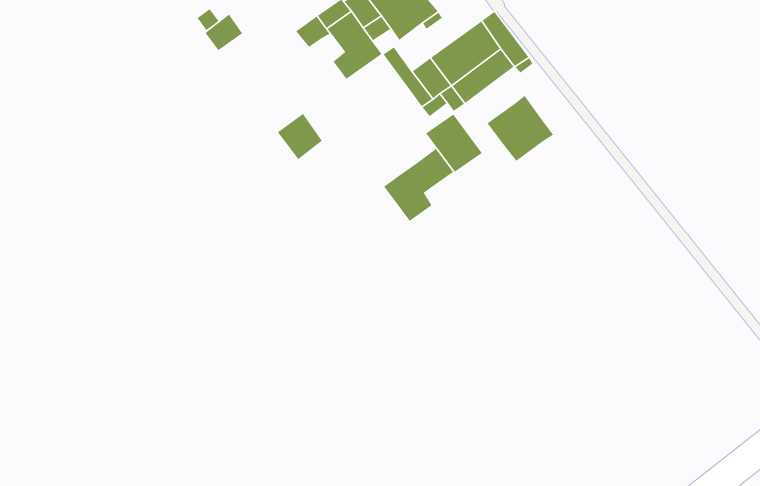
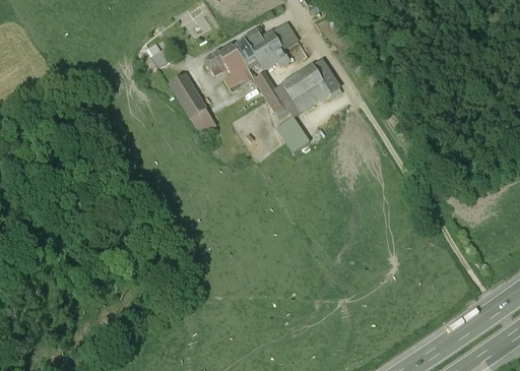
building: none -> [168,74,205,119]
building: [487,95,554,162] -> none
building: [383,148,454,222] -> none

